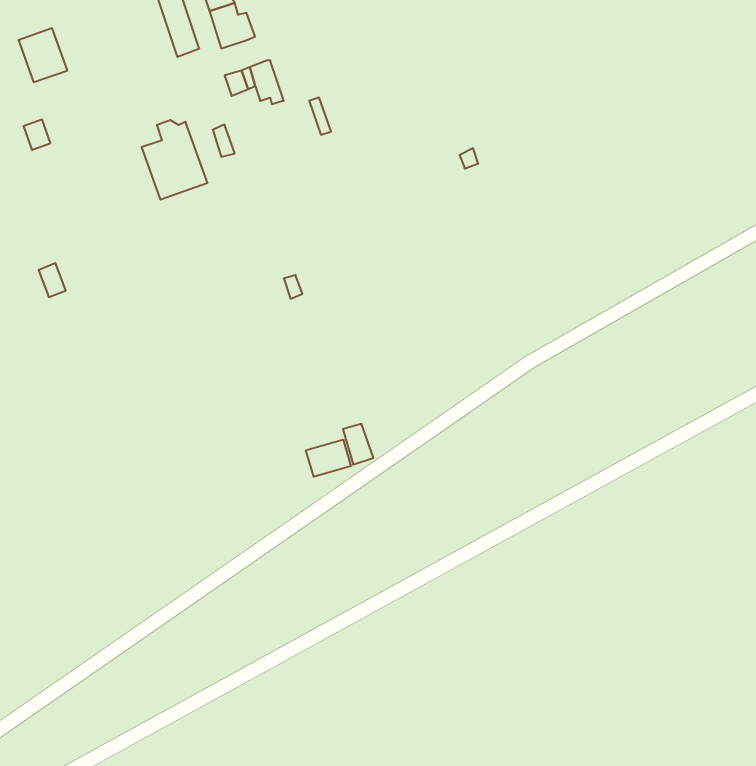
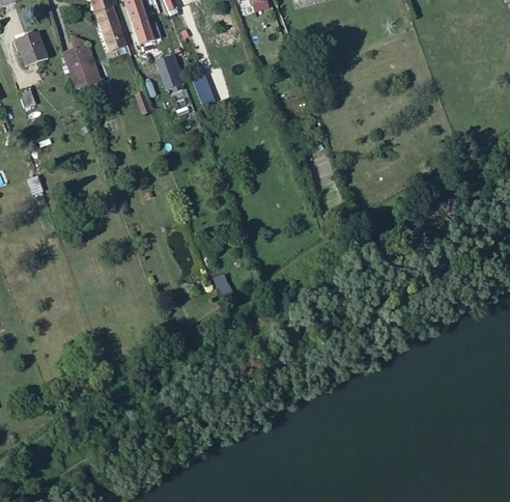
building: [142,120,208,200] -> [62,32,103,81]
building: [306,440,351,477] -> none

